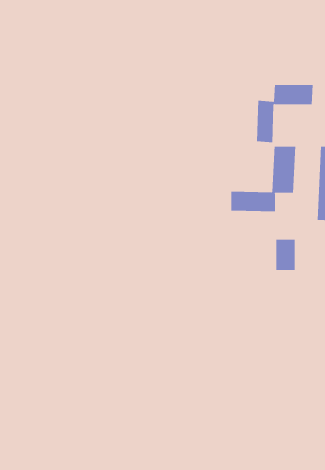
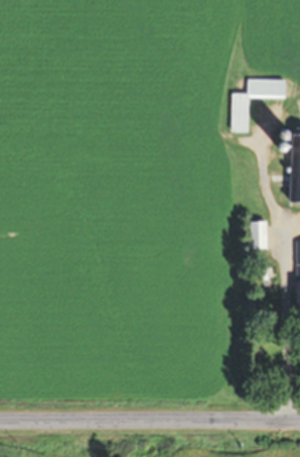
building: [231,146,296,212] -> none

